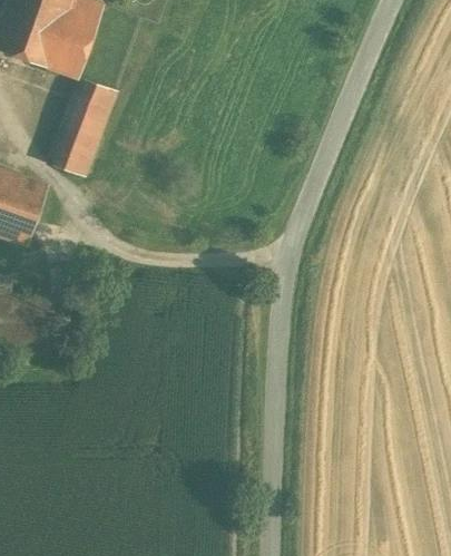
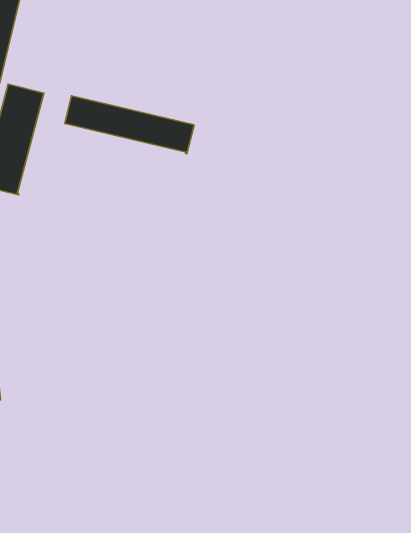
building: none -> [65,96,194,154]

